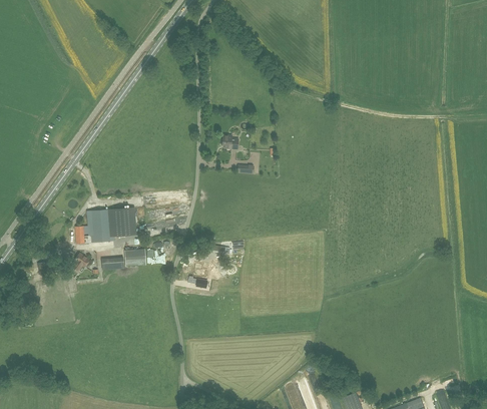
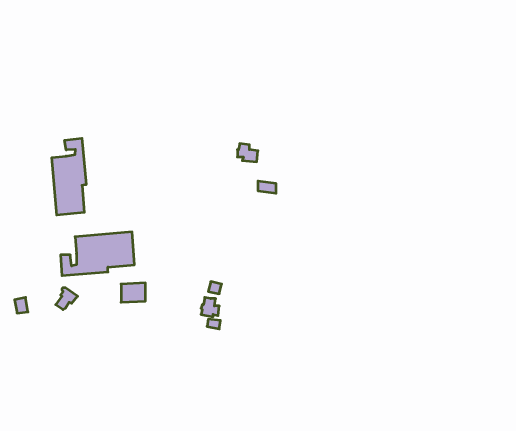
building: none -> [52,138,86,215]

